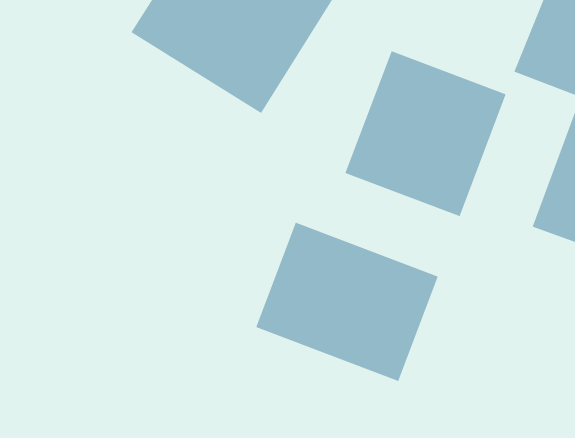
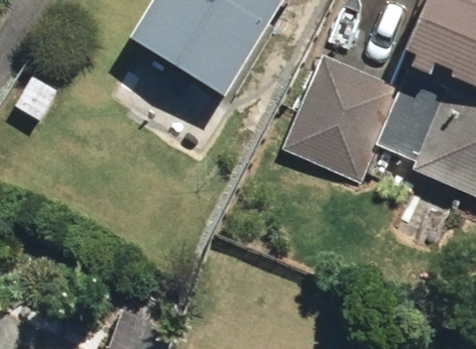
building: [255,222,439,382] -> none

